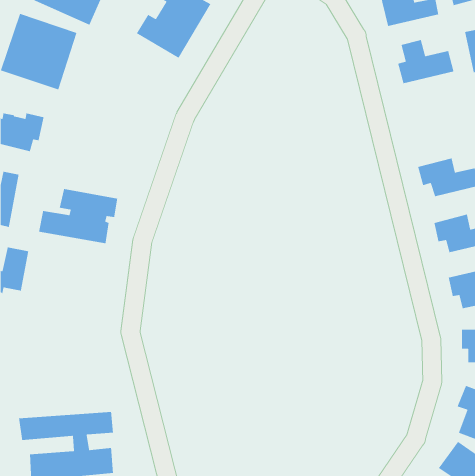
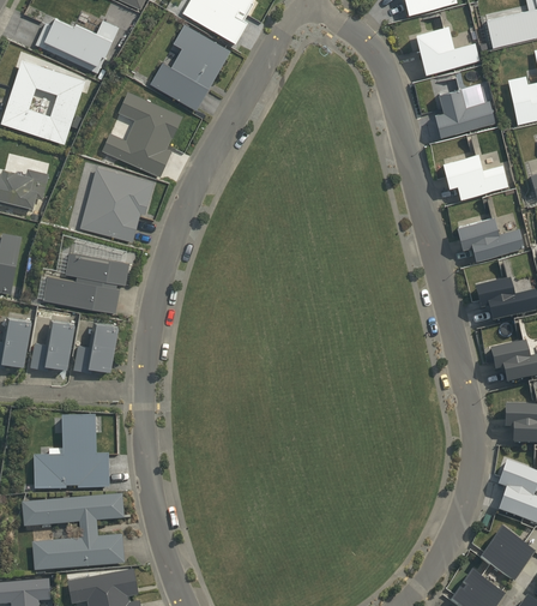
building: none -> [102,90,183,176]
building: none -> [441,154,509,199]
building: none -> [79,166,153,241]
building: none -> [30,317,77,370]
building: none -> [73,319,120,372]
building: none -> [32,415,109,490]

